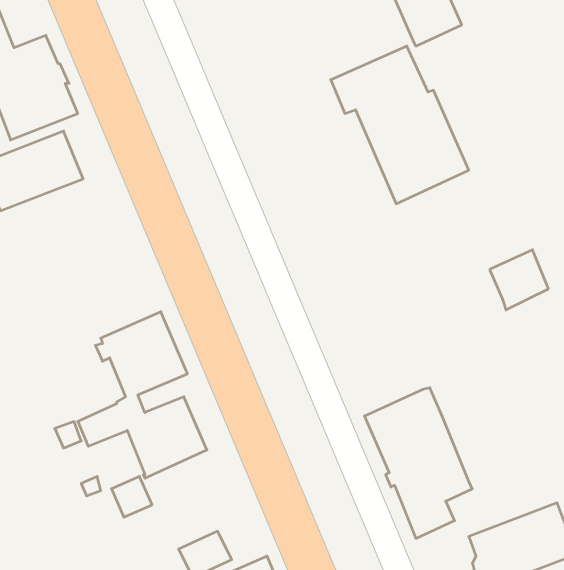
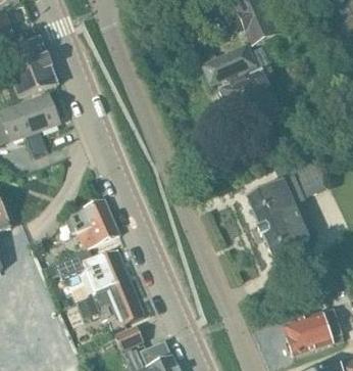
building: [364,388,472,538] -> [247,179,309,266]
building: none -> [95,278,144,321]

